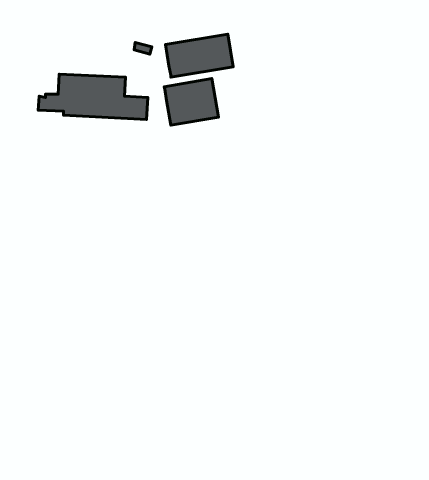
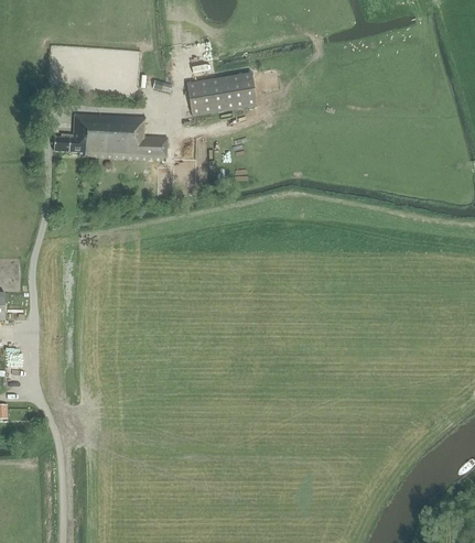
building: [164,79,219,125] -> none

